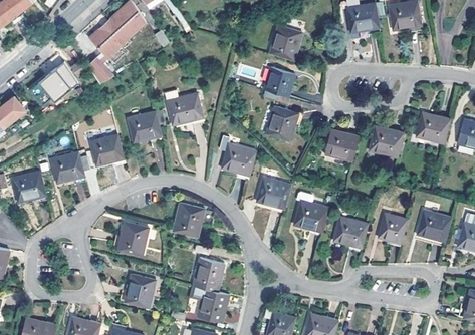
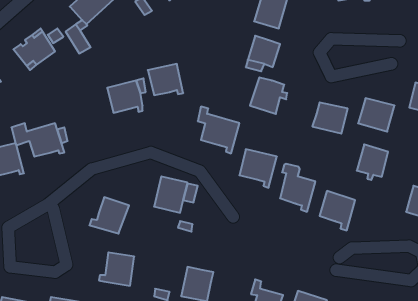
building: [87,132,124,164] -> none
building: [376,214,406,248] -> [357,144,388,180]
building: [193,259,225,293] -> none

